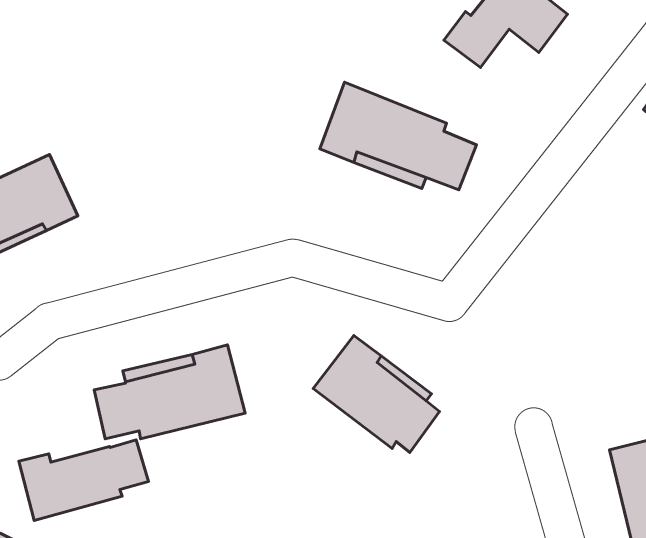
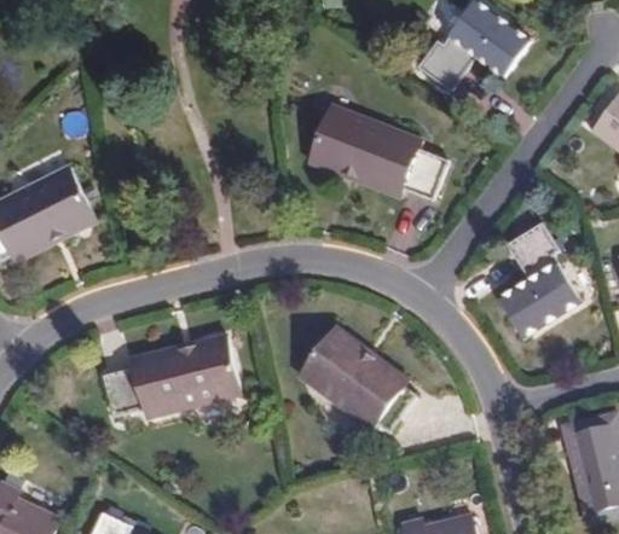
building: none -> [503,224,580,336]
building: [19,440,148,520] -> none

